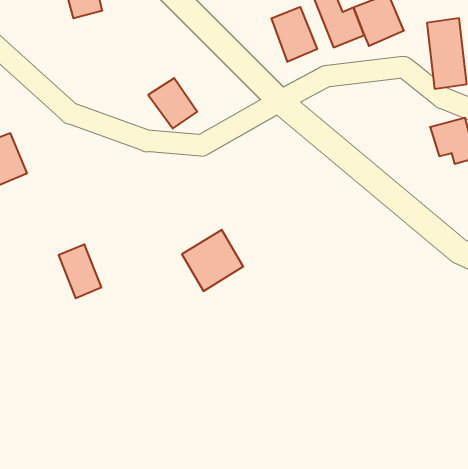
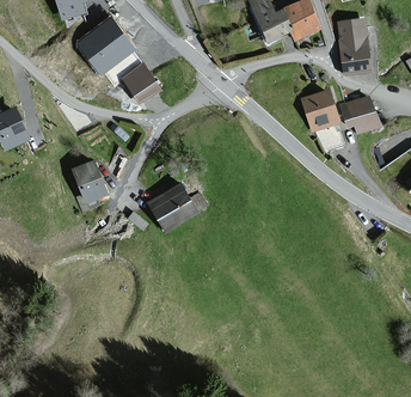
building: [271,7,317,62] -> none
building: none -> [86,23,142,83]
building: none -> [303,92,338,130]
building: [59,244,101,298] -> [72,160,105,202]

